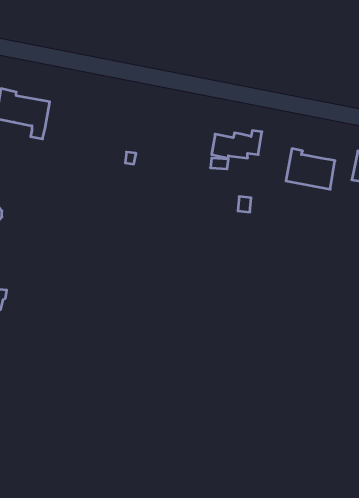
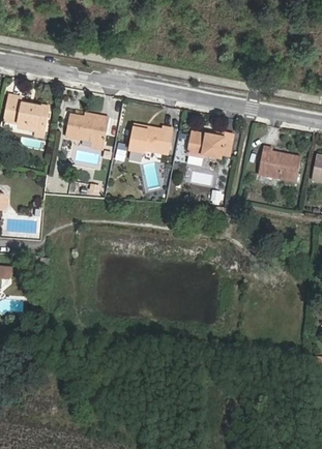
building: none -> [65,114,109,143]
building: none -> [130,126,172,152]

